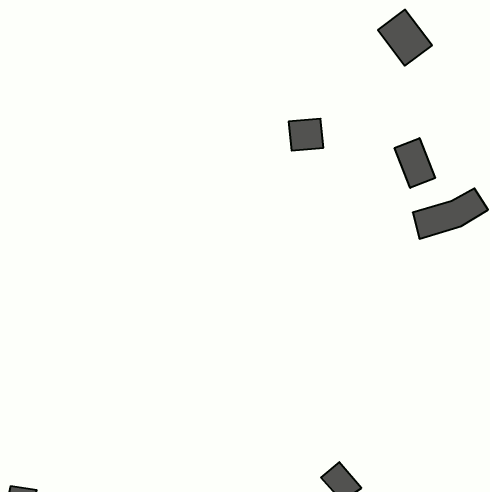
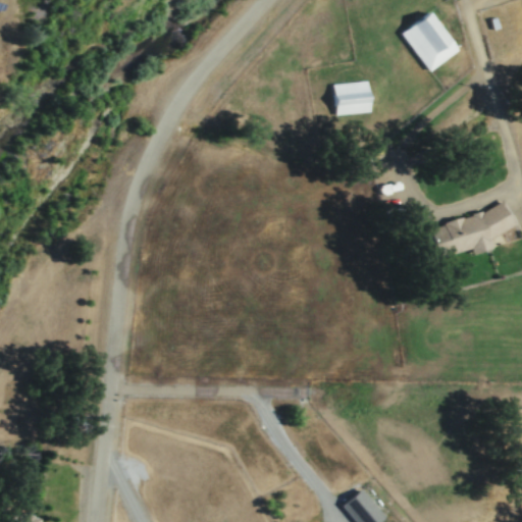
building: [289,119,323,151] -> [333,82,370,115]
building: [395,138,435,188] -> none

